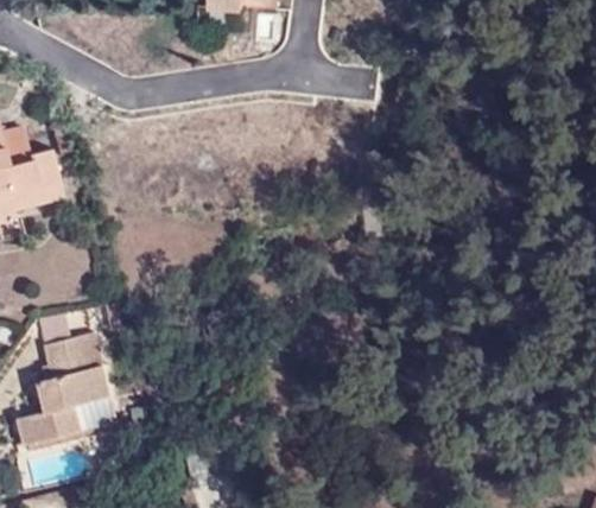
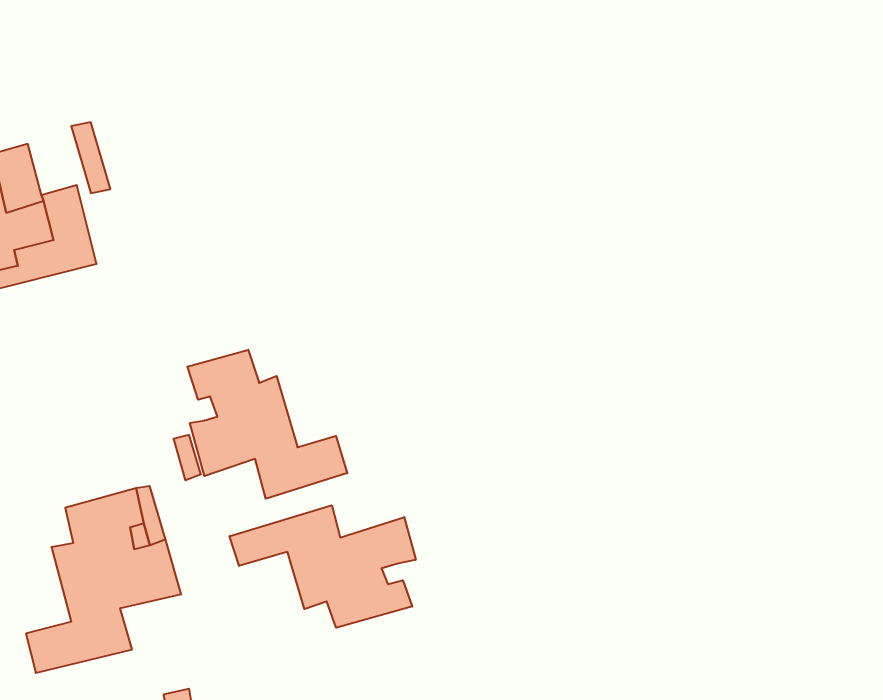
building: none -> [187,350,347,499]
building: none -> [230,505,416,628]

